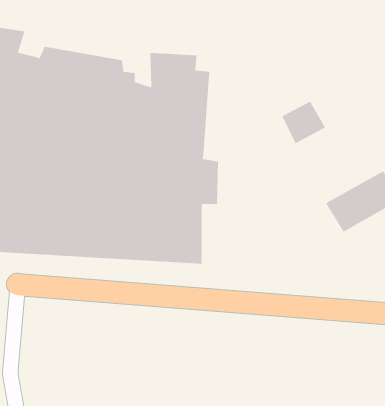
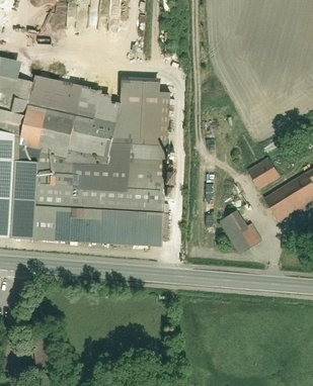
building: [281,101,326,144] -> [244,156,280,190]
building: none -> [216,209,257,255]

